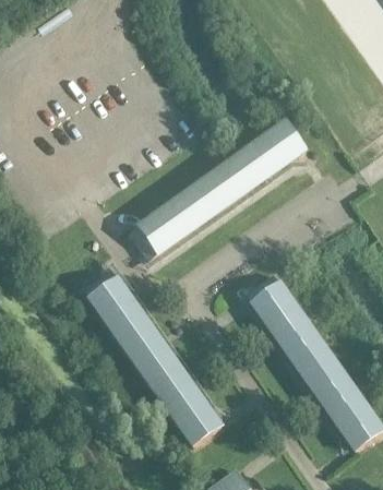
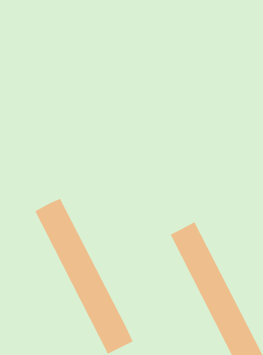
building: [129,121,306,260] -> none

